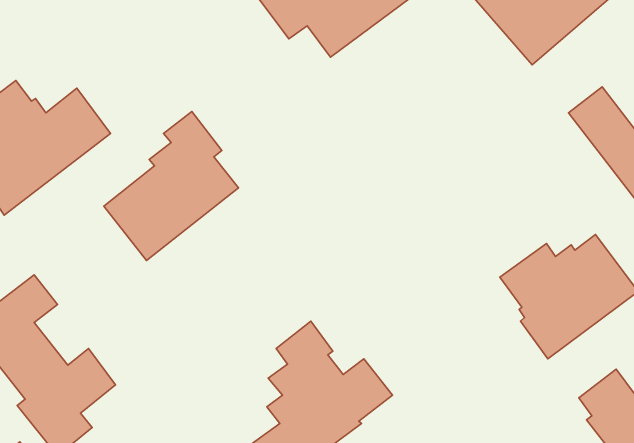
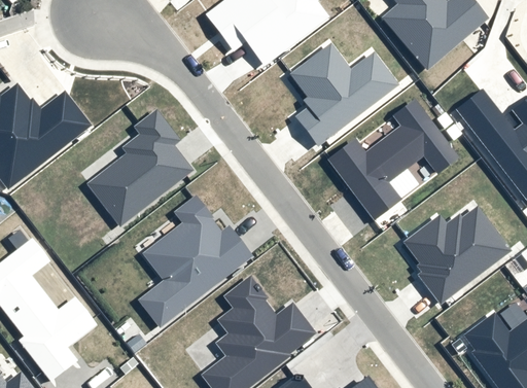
building: none -> [287,42,399,147]
building: none -> [327,100,458,220]
building: none -> [138,195,252,328]

